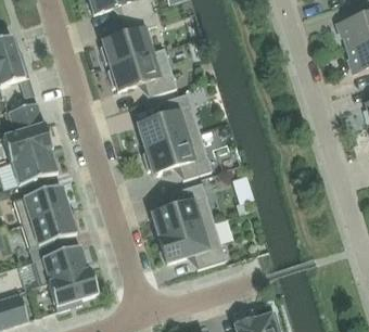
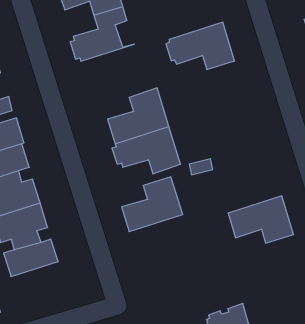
building: [106,48,176,95] -> [166,22,235,69]
building: [158,220,225,268] -> [228,196,294,243]
building: [39,268,98,310] -> none

